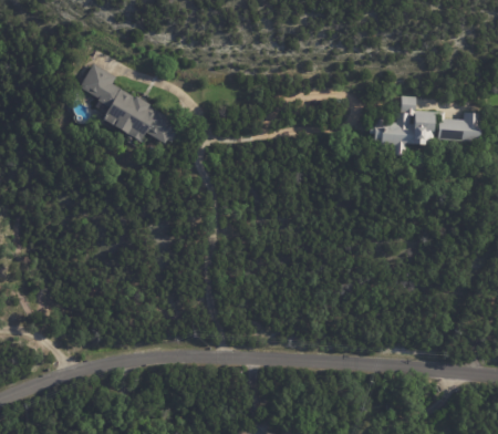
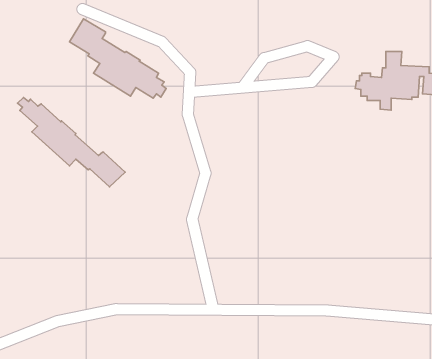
building: none -> [18,97,125,187]

